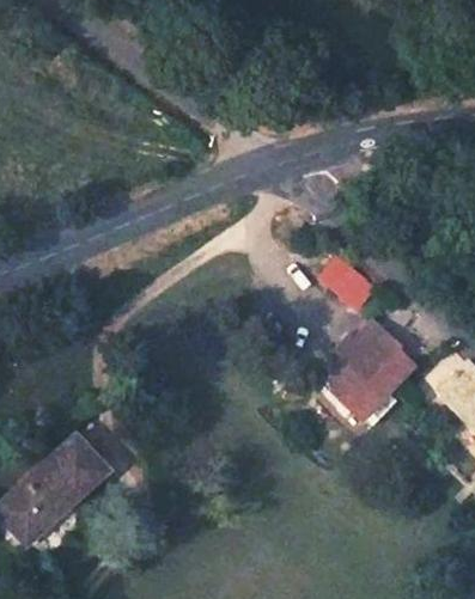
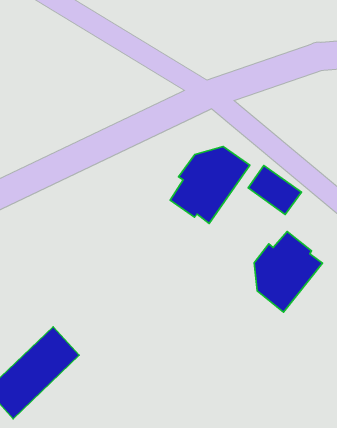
building: none -> [170,146,250,224]

